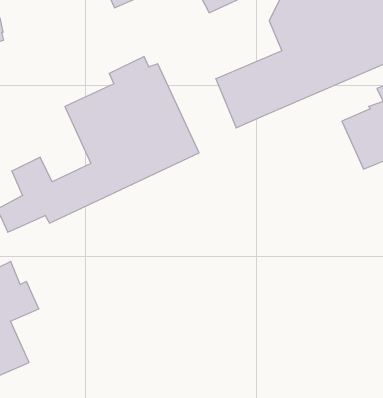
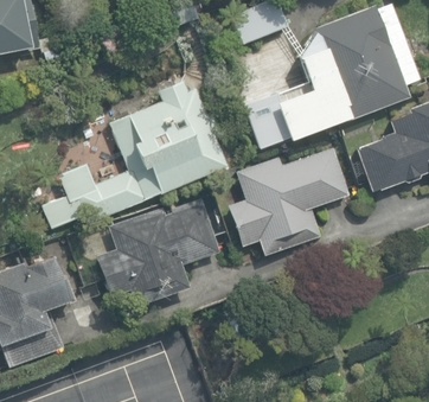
building: none -> [229,147,351,255]
building: none -> [97,198,220,306]

